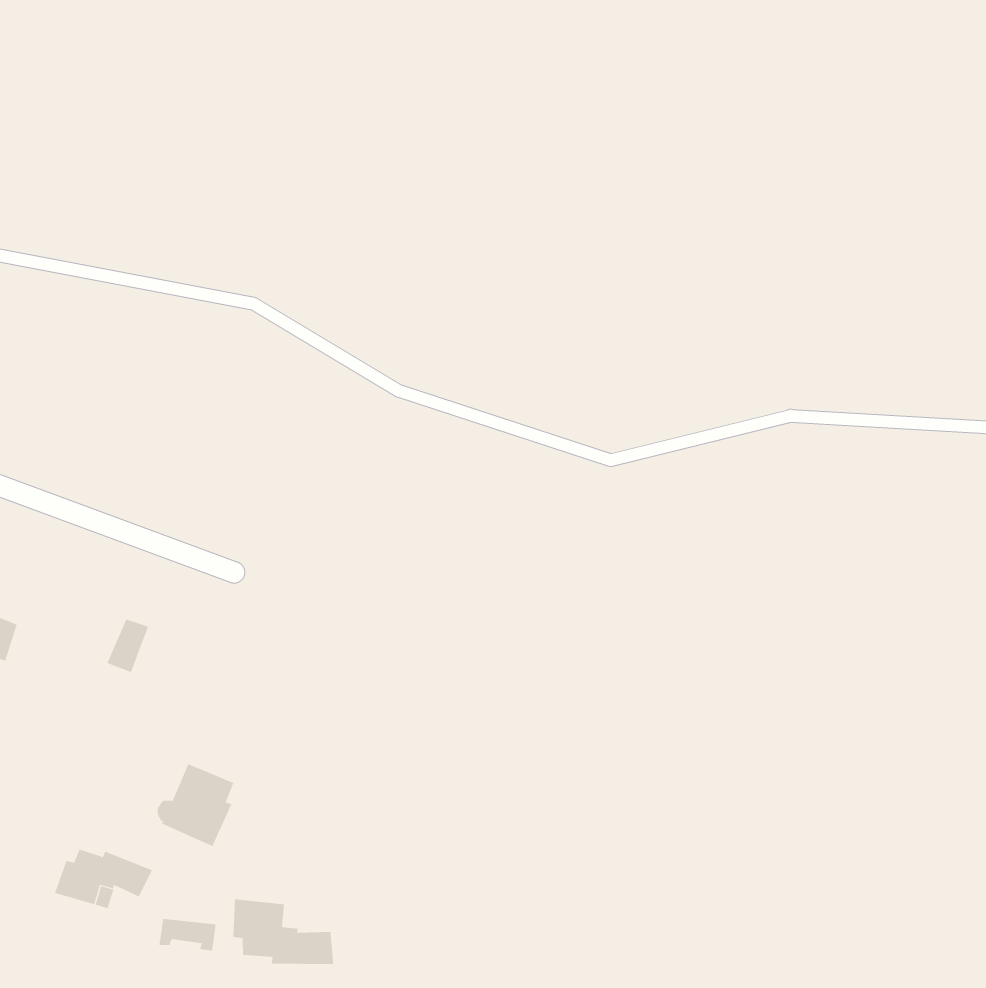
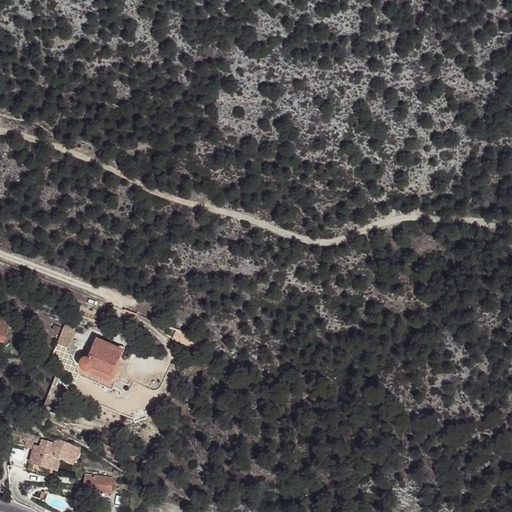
building: [157,764,234,847] -> [79,339,119,382]
building: [233,899,334,965] -> none

